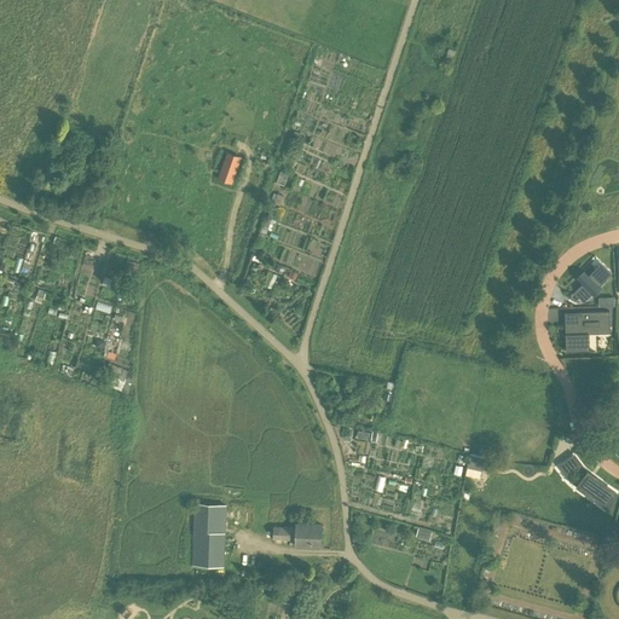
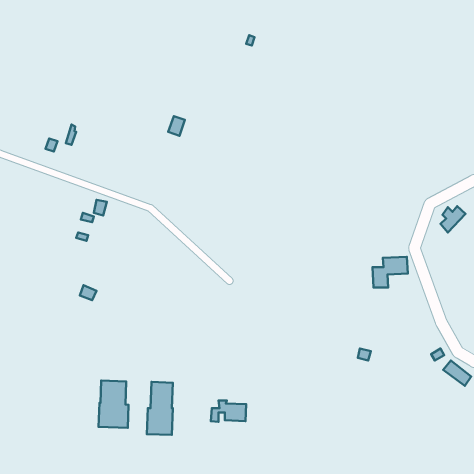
building: [563,312,609,352] -> [372,257,408,288]
building: none -> [99,381,129,428]

